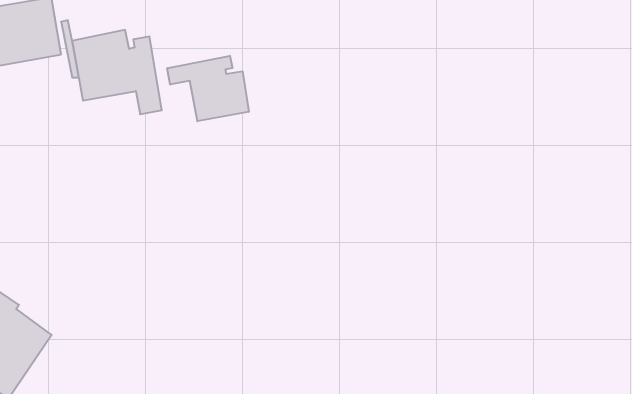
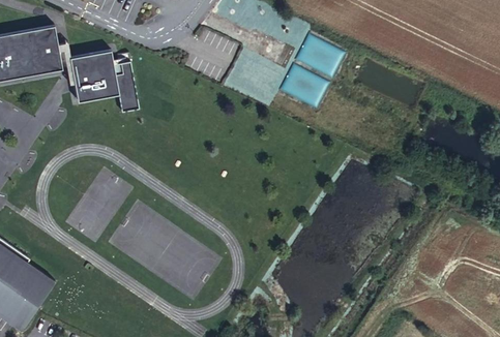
building: [167,56,249,121] -> none

